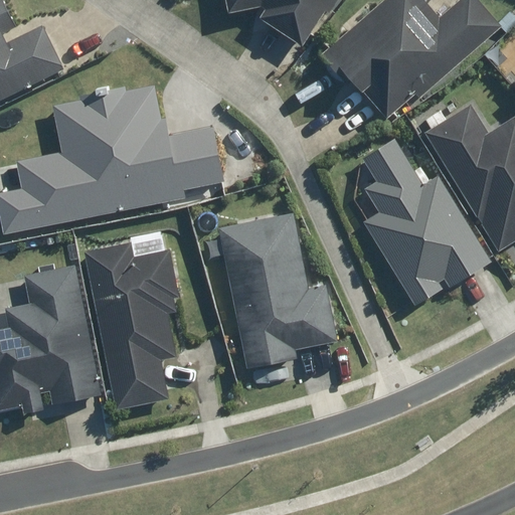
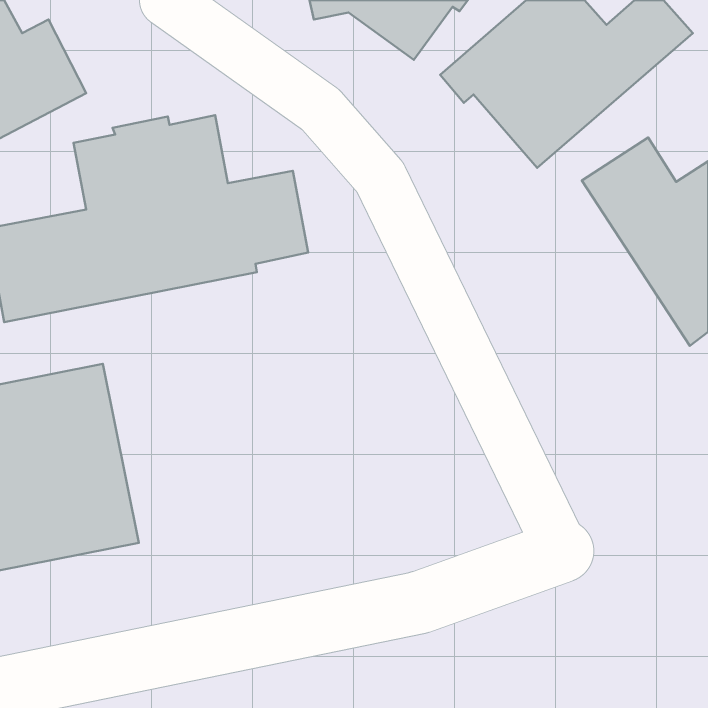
building: [363,139,491,309] -> none
building: [215,212,340,372] -> none
building: [83,233,183,413] -> none

